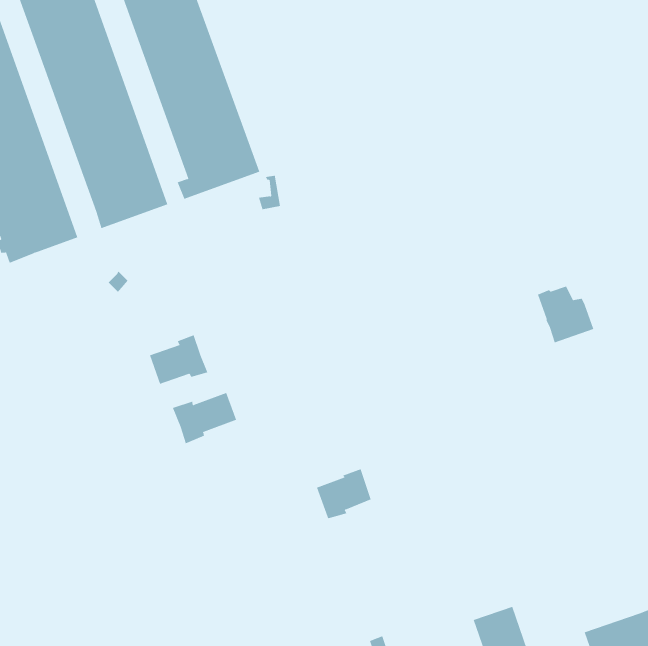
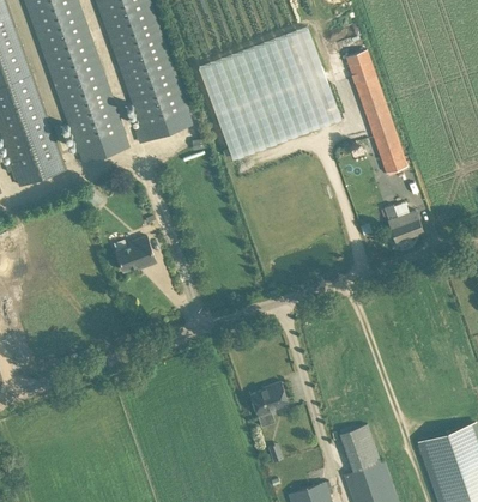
building: none -> [200,31,340,163]
building: none -> [345,50,406,173]
building: [172,392,237,444] -> none
building: [316,469,371,520] -> [249,381,288,417]

